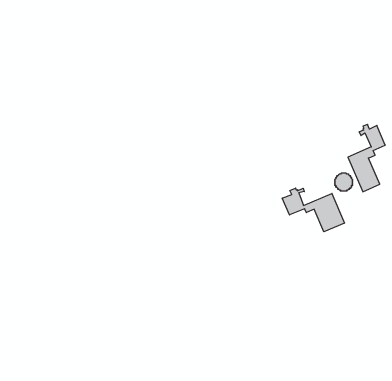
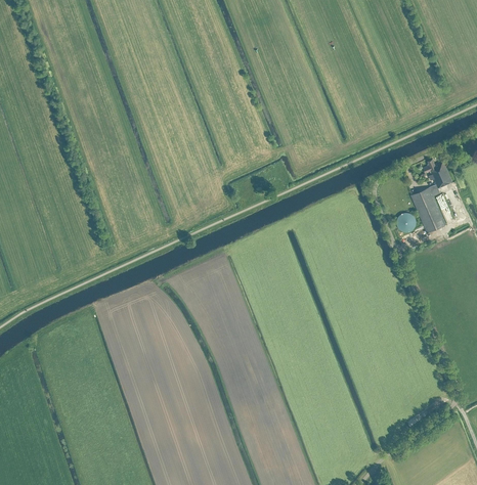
building: [282,188,345,232] -> none

